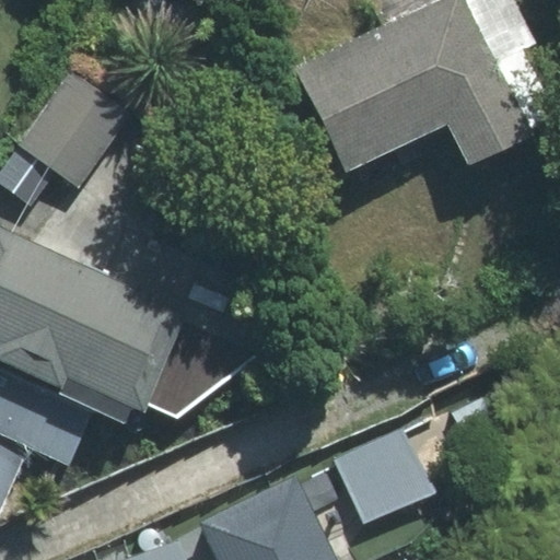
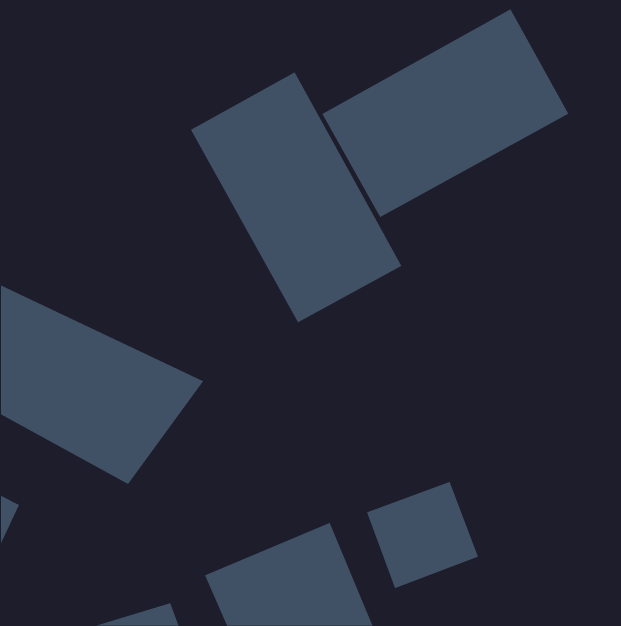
building: none -> [190,71,402,323]
building: [15,65,144,195] -> none

